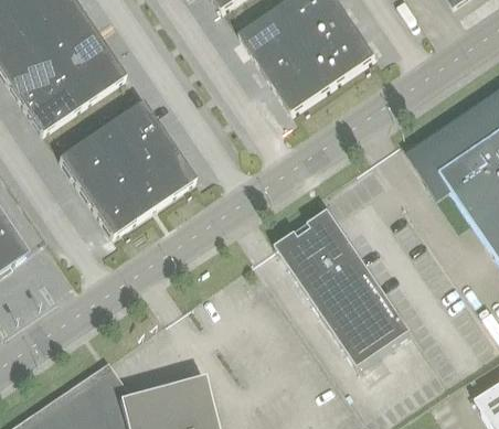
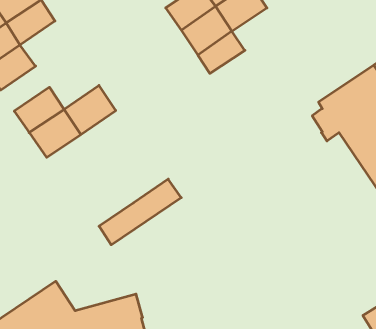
building: [318,33,375,84] -> none
building: [64,49,125,103] -> none
building: [99,99,159,154] -> none
building: [96,155,194,234] -> [99,179,181,245]
building: [275,210,411,367] -> none

